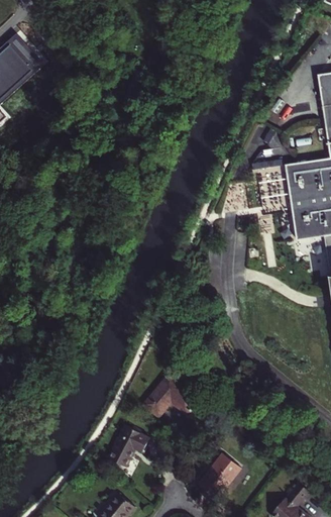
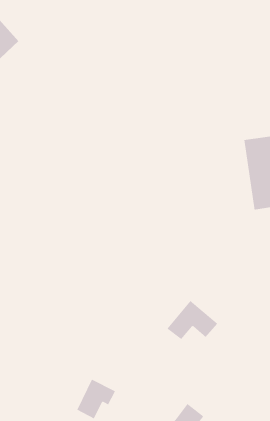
building: [142,376,198,418] -> [167,300,218,340]

